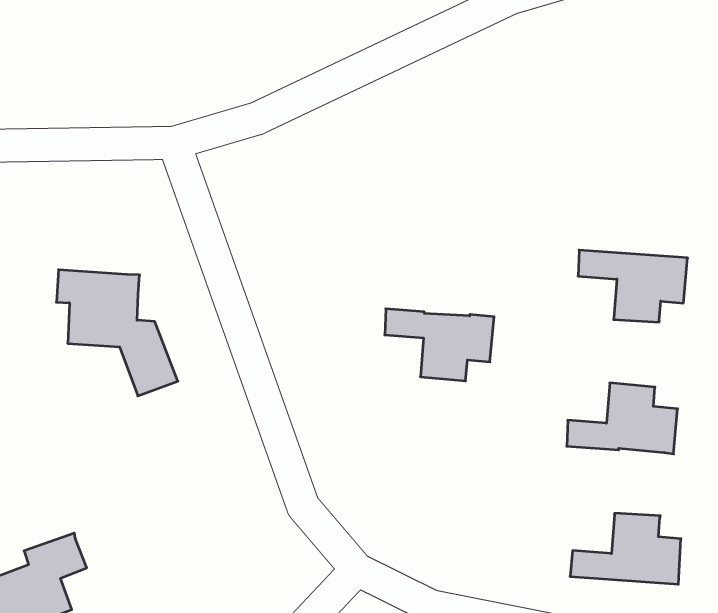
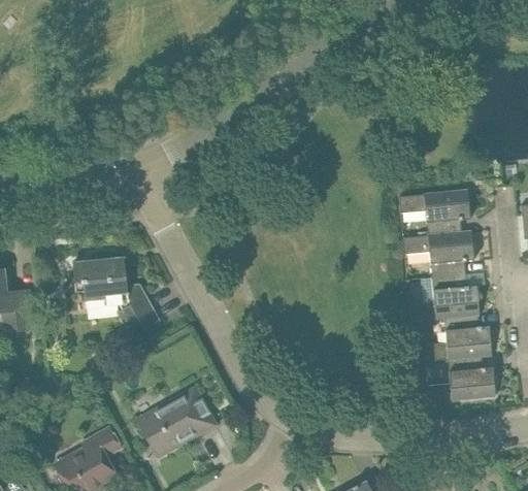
building: [385,309,494,381] -> [403,231,474,276]
building: none -> [422,315,492,361]
building: none -> [139,386,218,454]

